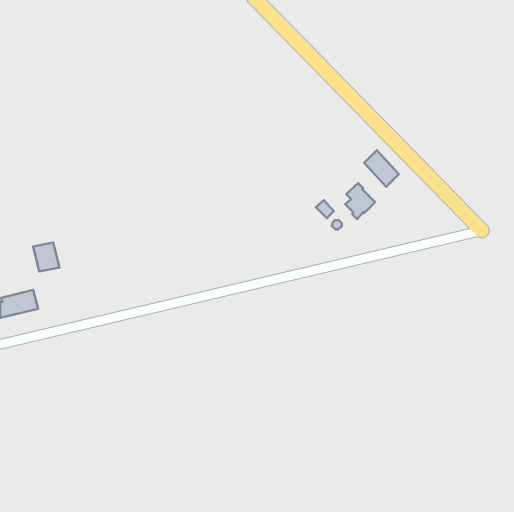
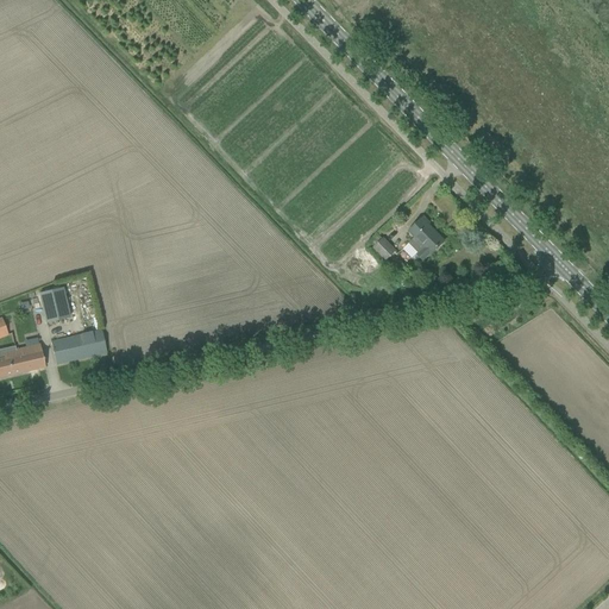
building: [364,150,399,187] -> none
building: none -> [50,328,107,363]

